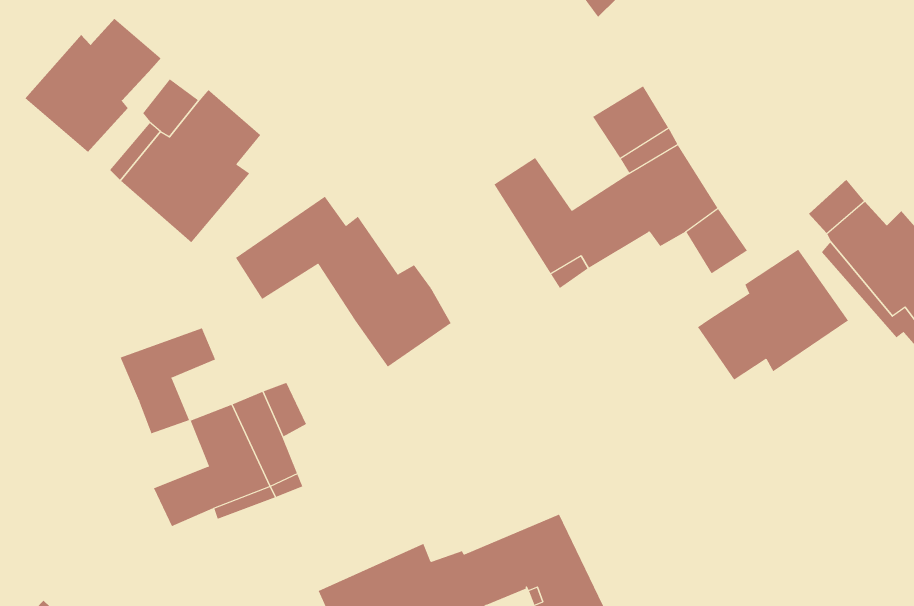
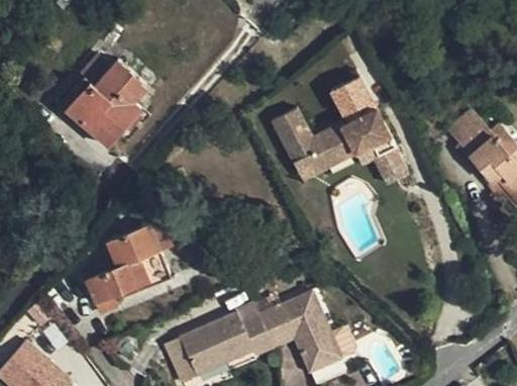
building: [24,18,161,153] -> none
building: [235,196,452,368] -> none
building: [697,249,849,380] -> none
building: [120,327,216,434] -> none

